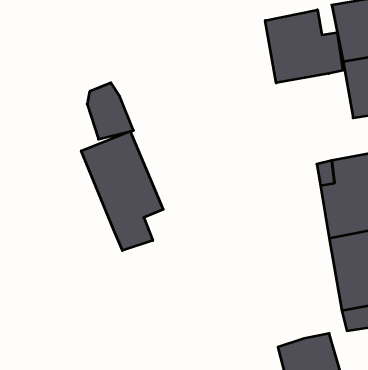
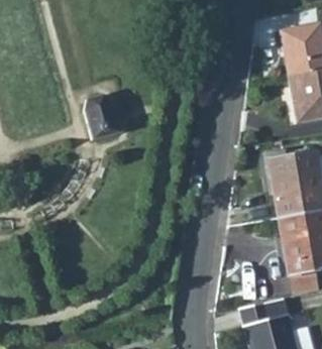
building: [265,10,343,83] -> none
building: [81,131,163,251] -> none

